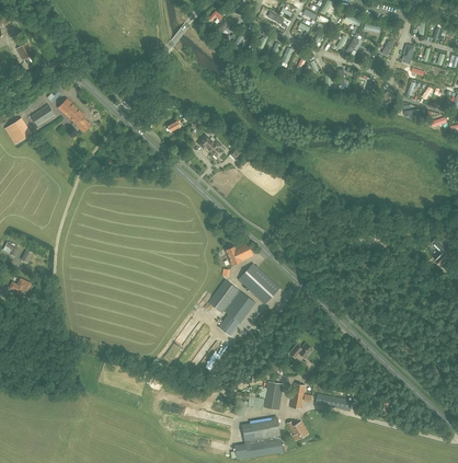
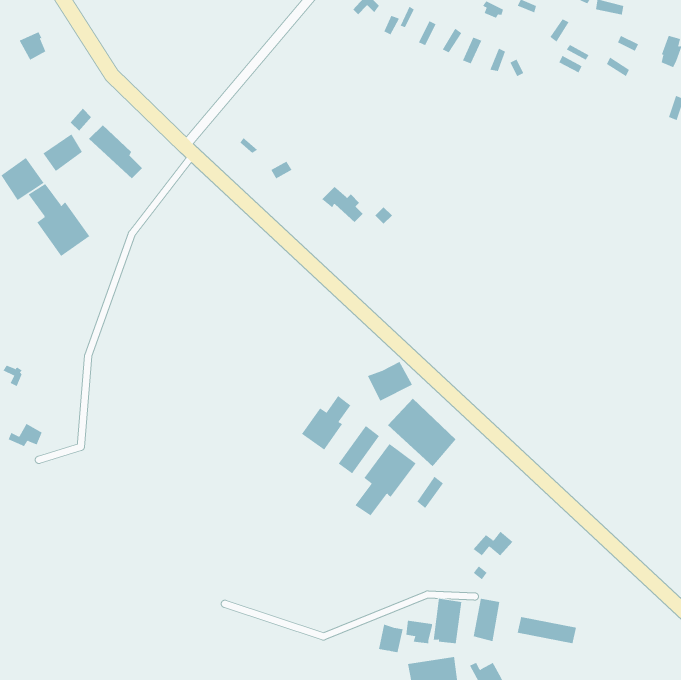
building: none -> [28,183,90,257]
building: none -> [301,395,351,450]

